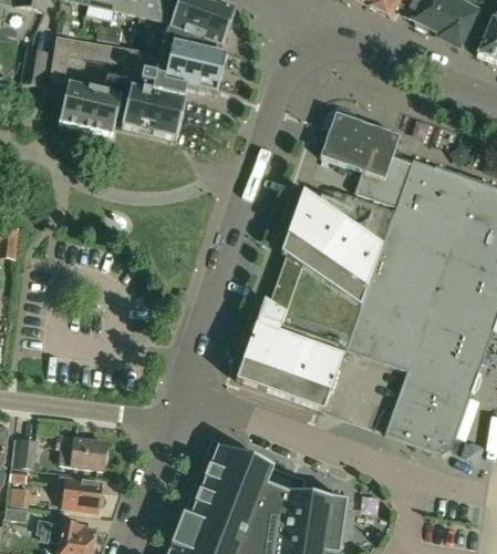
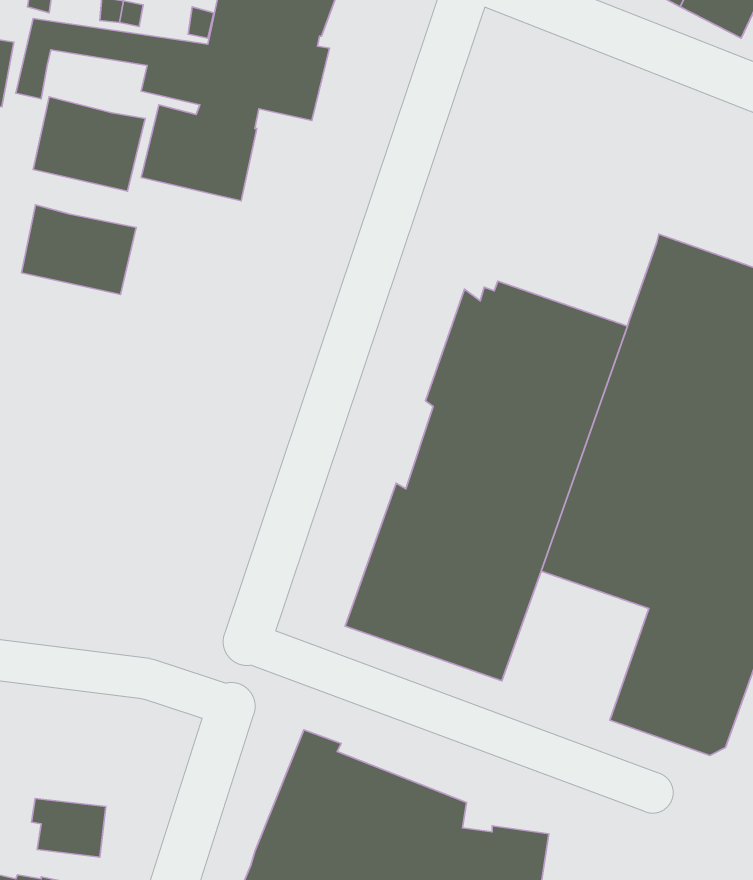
building: [320,106,412,208] -> none
building: none -> [22,205,136,295]
building: [56,437,106,470] -> none

